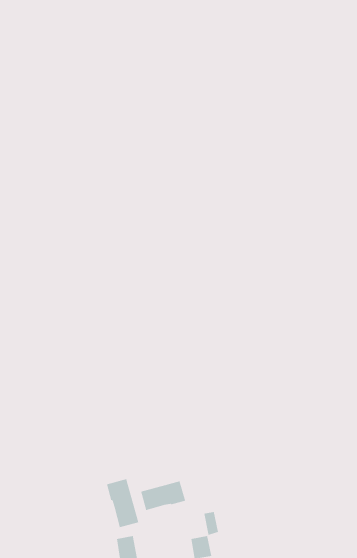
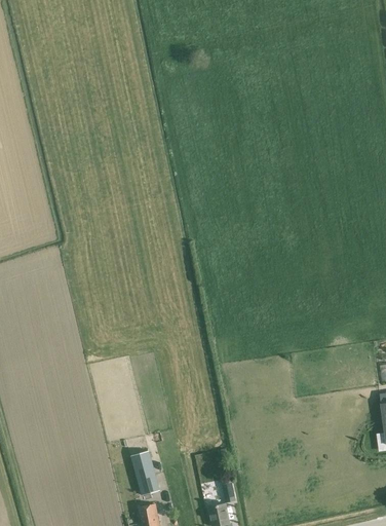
building: [141,480,186,511] -> none

